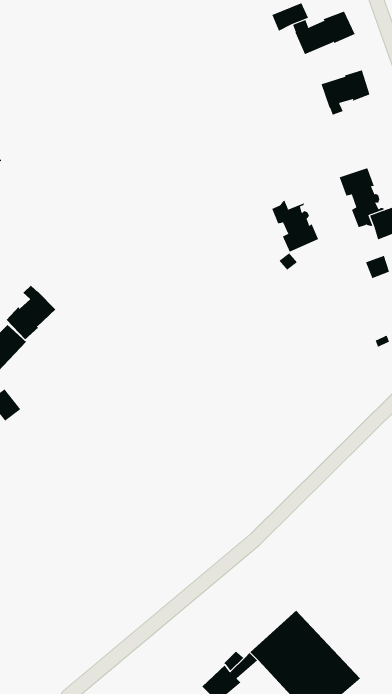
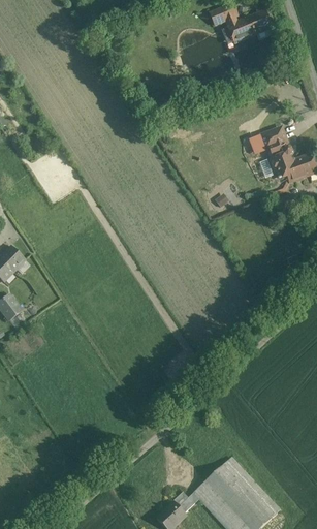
building: [321,70,370,116] -> none
building: [271,199,319,253] -> none
building: [6,285,56,340] -> none

